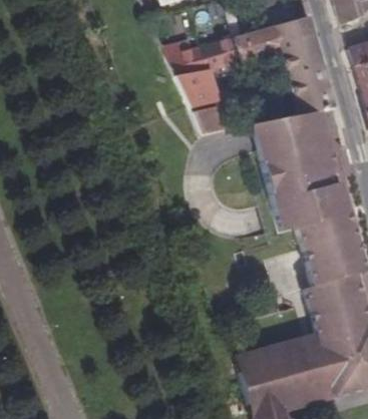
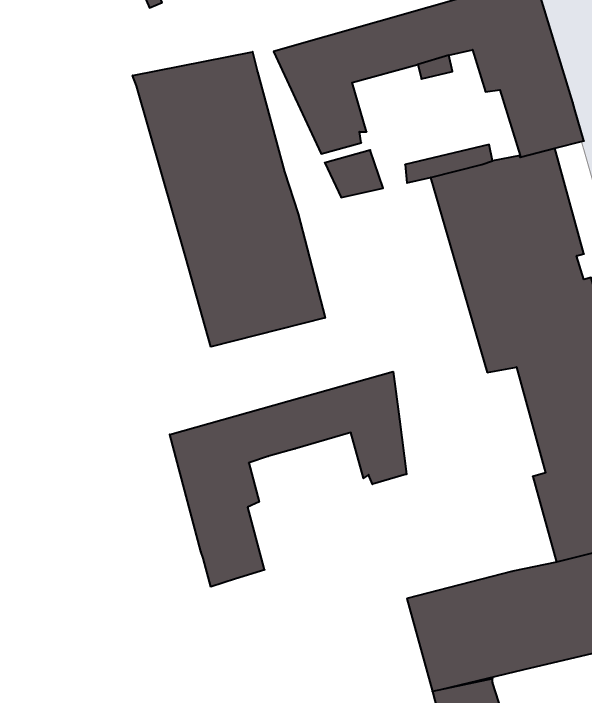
building: none -> [133,52,325,347]
building: none -> [170,372,407,587]

